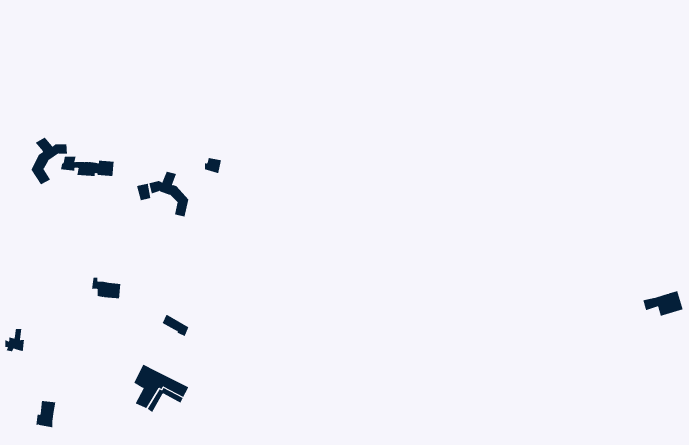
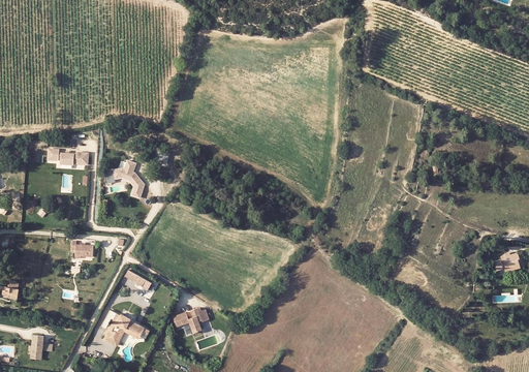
building: [31,137,67,185] -> none
building: none -> [172,308,209,334]

